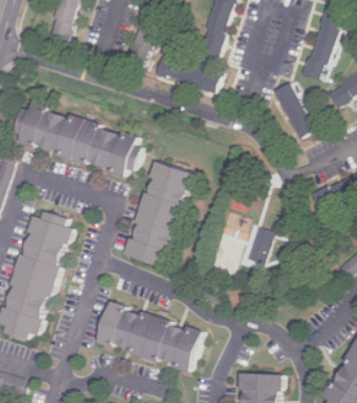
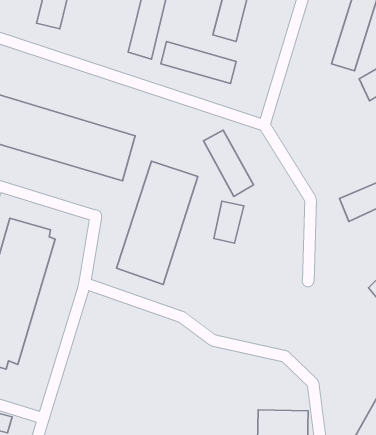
building: [273,82,316,139] -> [204,130,253,196]
building: [246,228,272,264] -> [214,201,244,243]
building: [99,304,207,371] -> none

